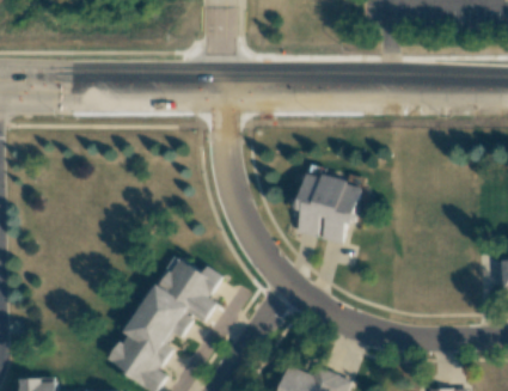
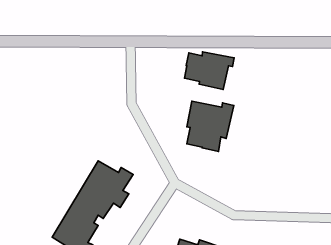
building: none -> [184,52,234,89]

